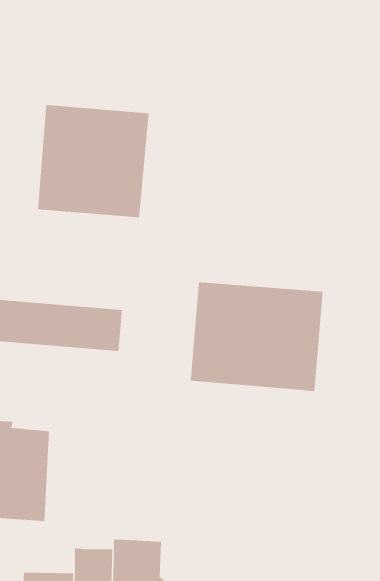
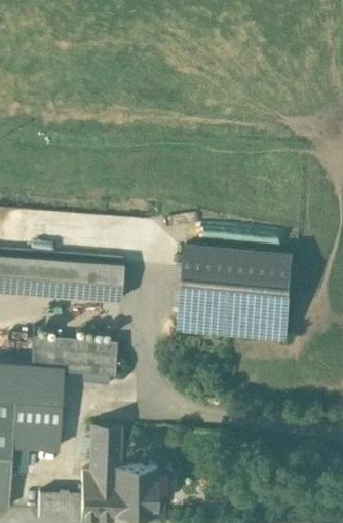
building: [37,104,150,218] -> none
building: none -> [29,337,116,376]
building: none -> [89,424,120,472]

